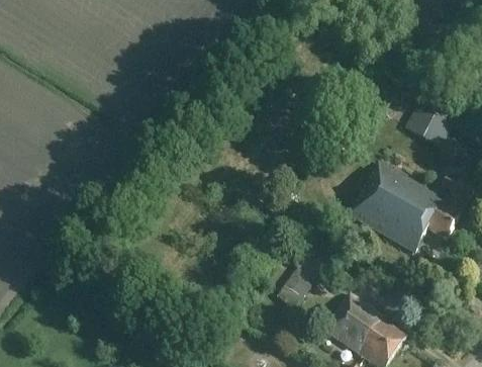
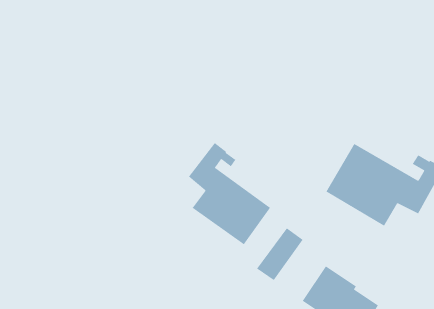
building: [405,102,457,148] -> none
building: none -> [188,142,271,245]

